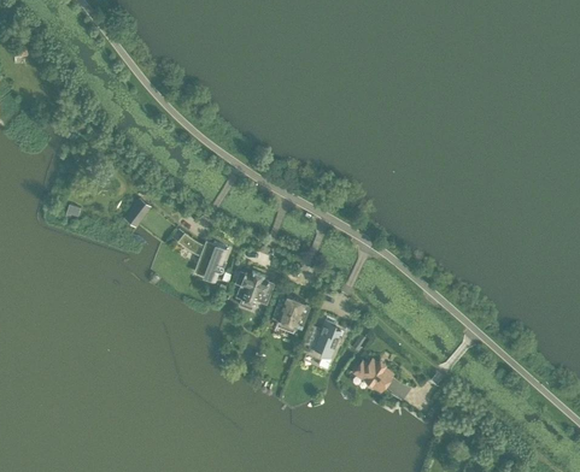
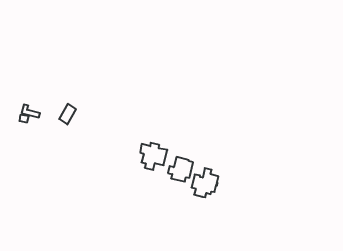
building: [178,231,225,278] -> none
building: [356,358,391,387] -> none

